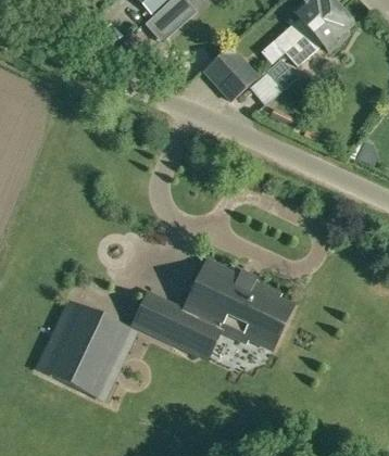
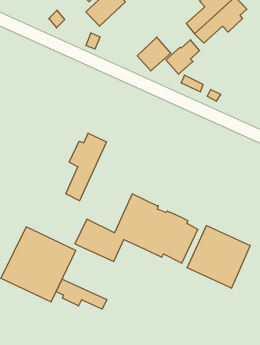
building: none -> [66,133,106,201]
building: none -> [187,226,250,288]
building: none -> [56,279,107,309]

